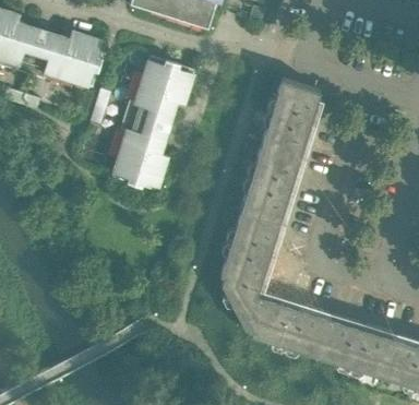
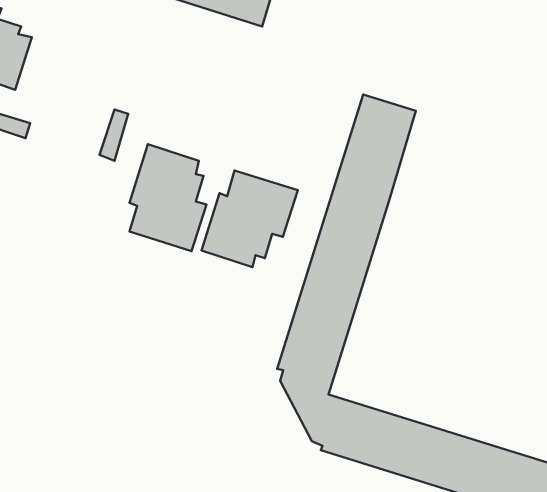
building: [31,32,107,87] -> none
building: [127,56,196,126] -> [201,171,298,267]

